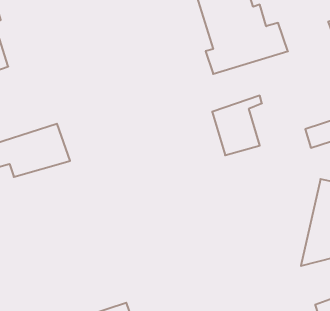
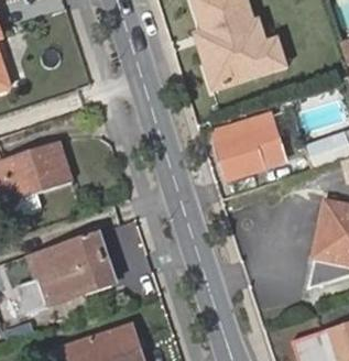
building: none -> [253,112,287,166]
building: none -> [18,233,116,314]

